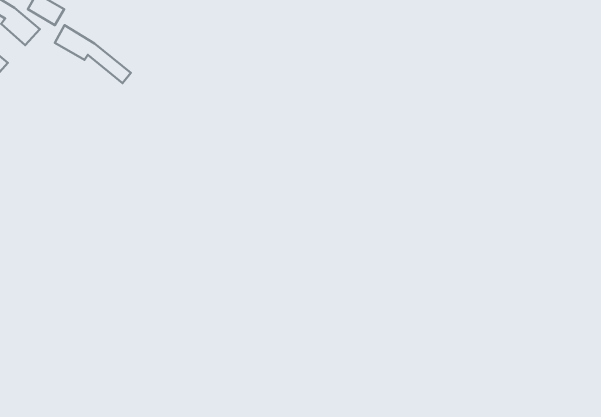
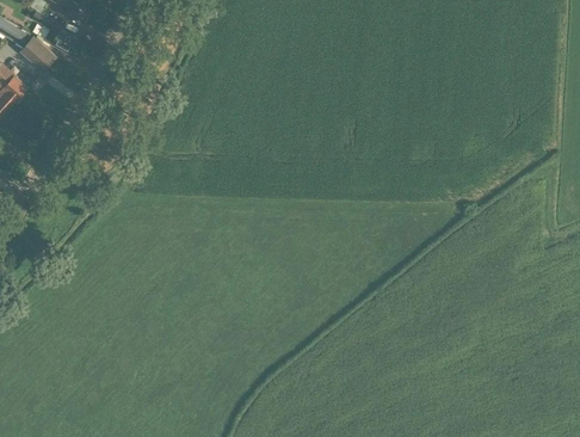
building: [55,25,131,83] -> none

